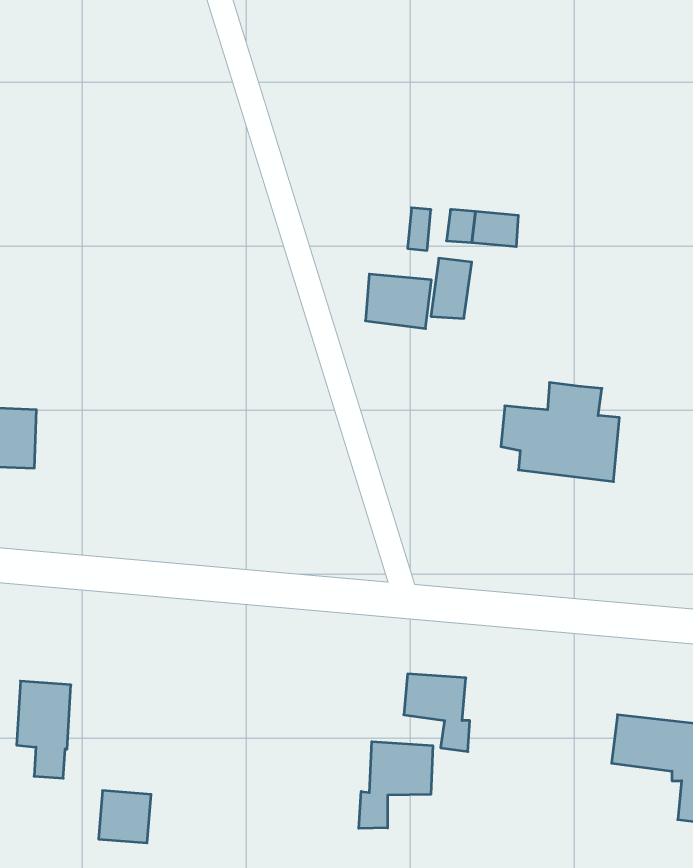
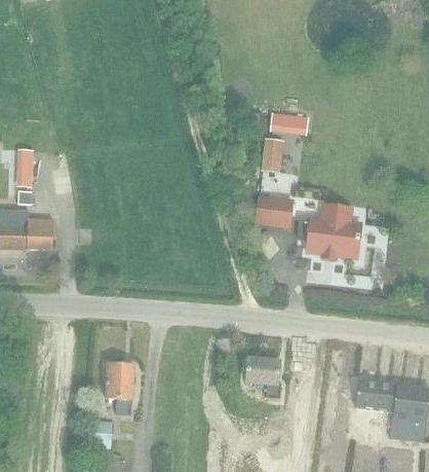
building: [365,274,431,329] -> [257,196,291,225]
building: [17,681,71,778] -> [105,363,133,414]
building: [359,742,433,828] -> none

